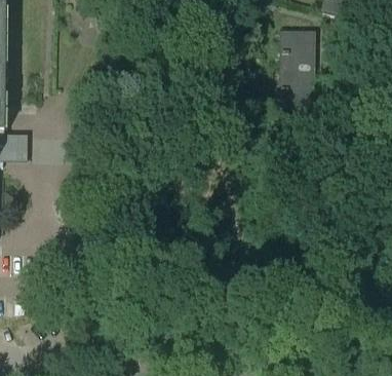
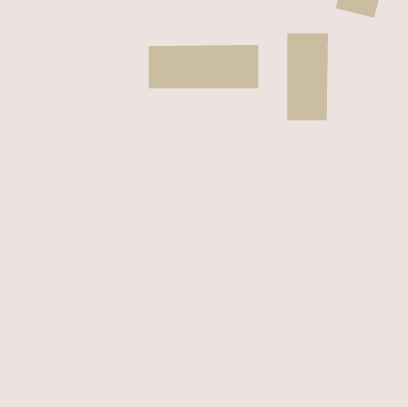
building: none -> [148,44,259,89]

